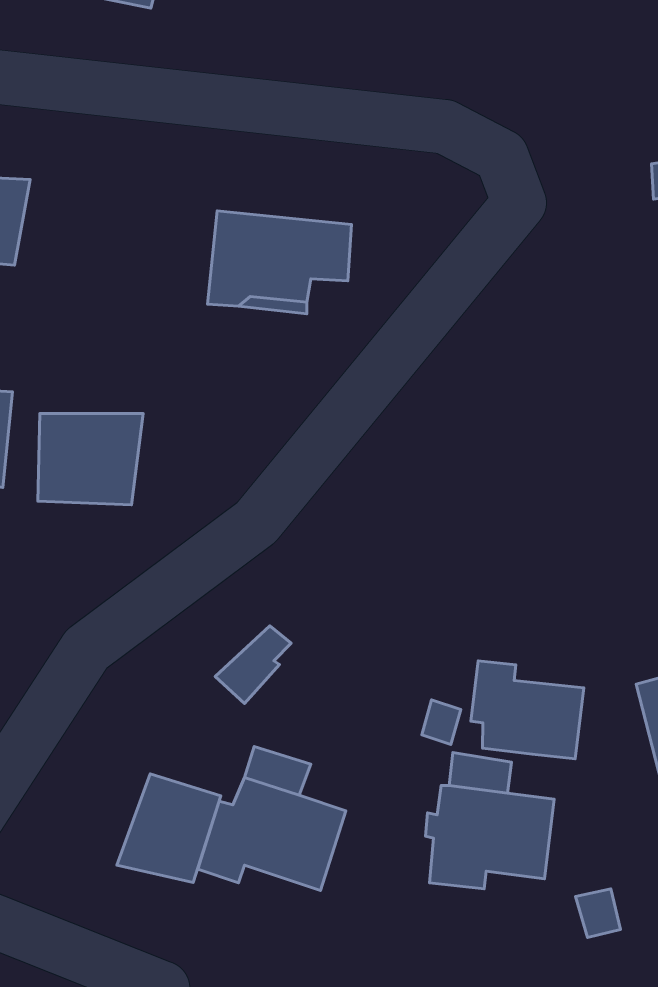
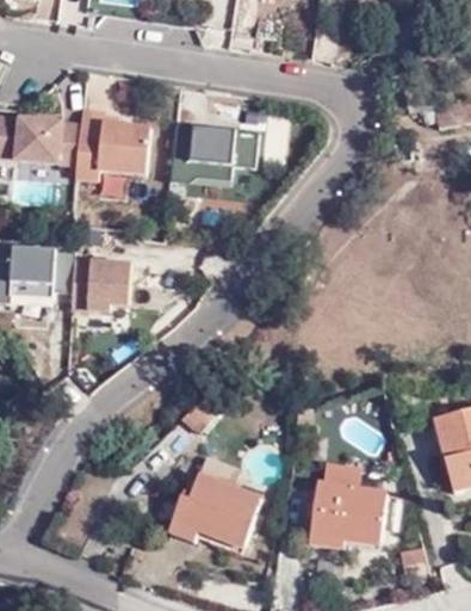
building: none -> [79,115,154,186]
building: [471,661,584,759] -> none
building: [117,774,221,883] -> none

